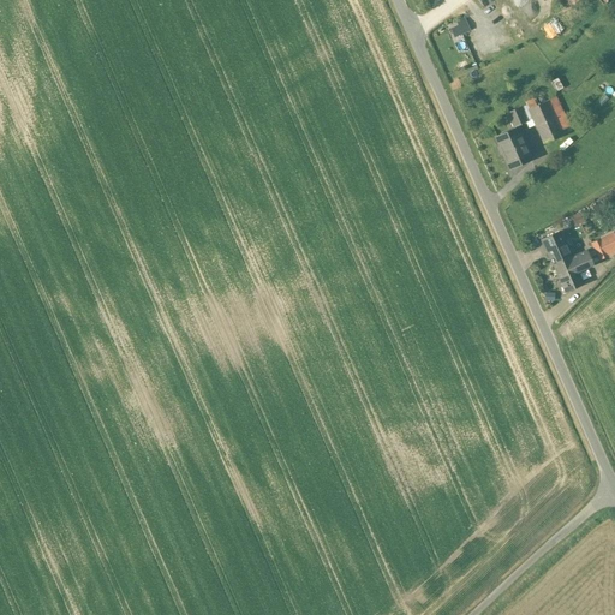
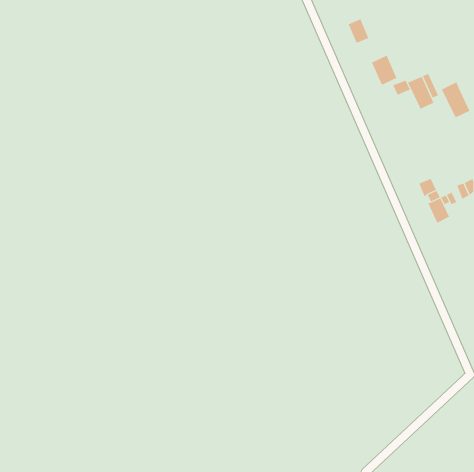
building: none -> [441,82,470,118]
building: [496,126,530,166] -> [371,55,397,86]

